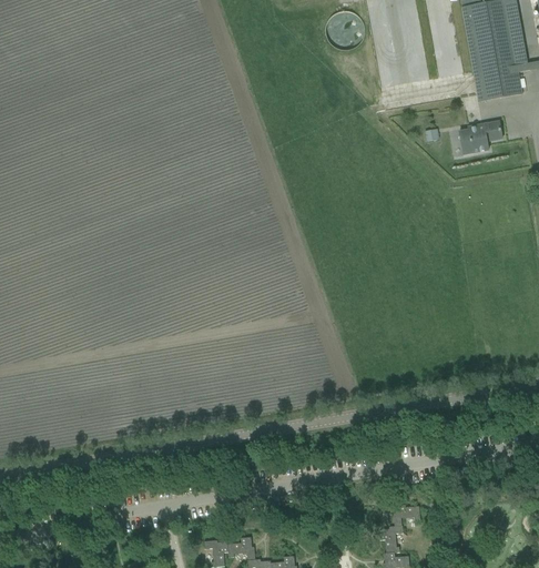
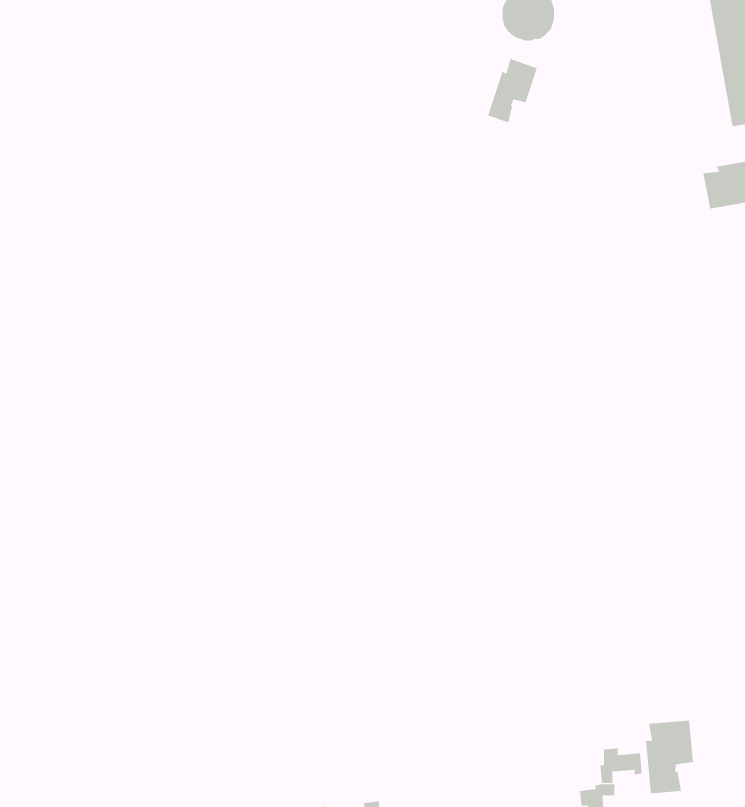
building: none -> [487,58,538,123]
building: none -> [645,720,693,794]

